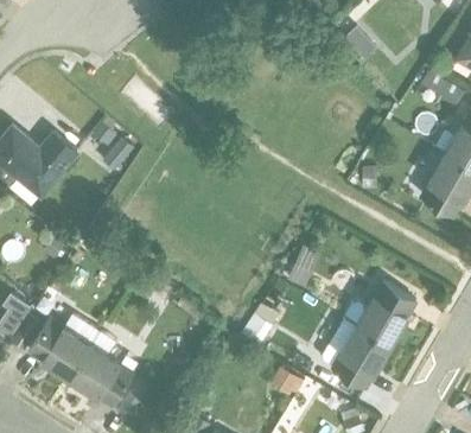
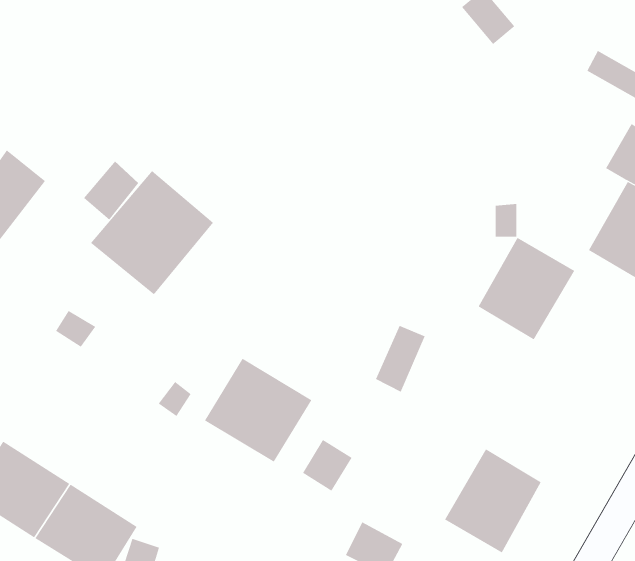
building: none -> [90,170,214,295]
building: none -> [204,358,312,463]
building: [356,278,418,343] -> [478,237,575,340]

